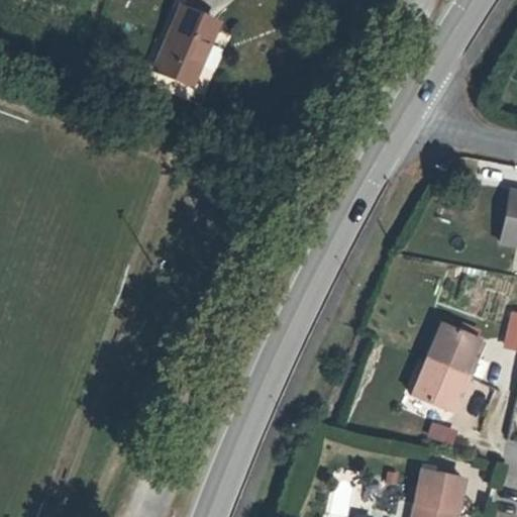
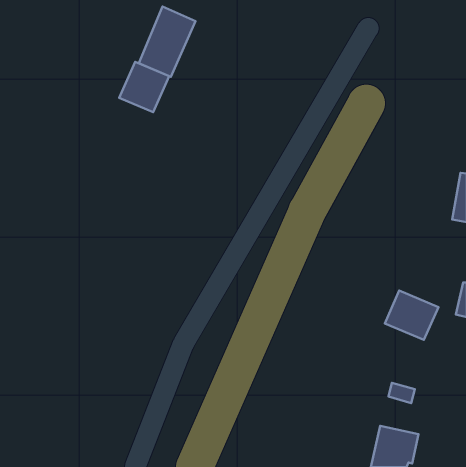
building: none -> [119,62,169,112]
building: [411,357,470,413] -> none

